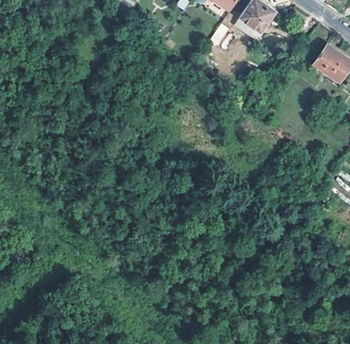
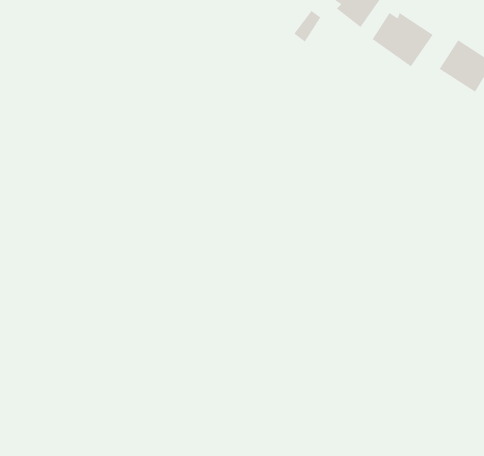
building: none -> [372,12,434,67]

